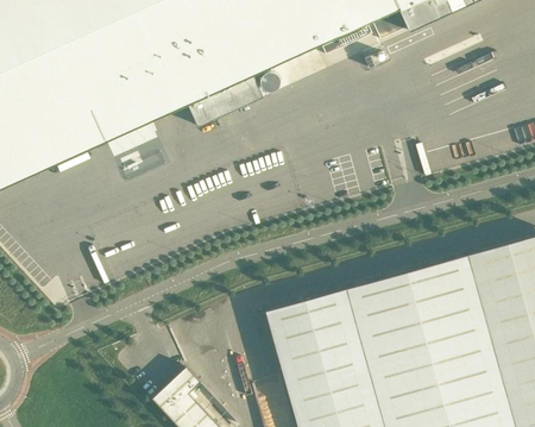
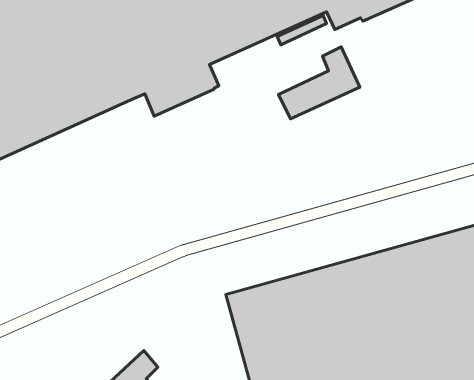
building: none -> [278,47,360,119]

